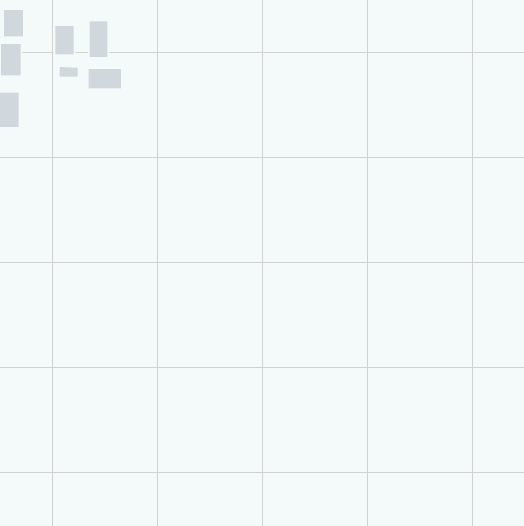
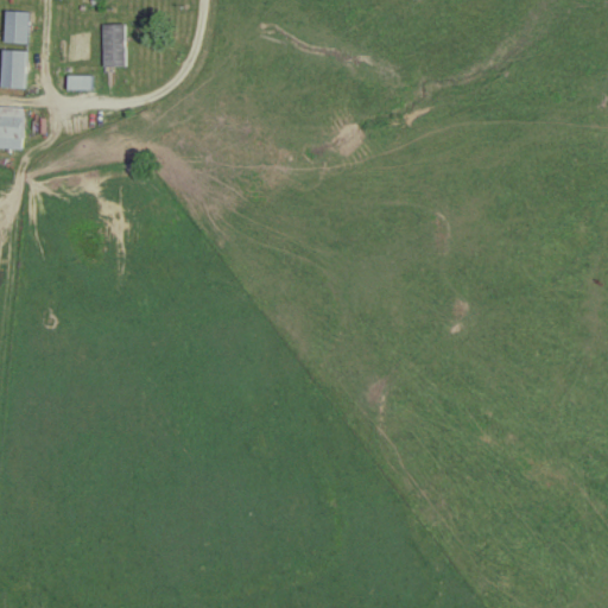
building: [55,25,74,55] -> none
building: [88,68,122,89] -> none

